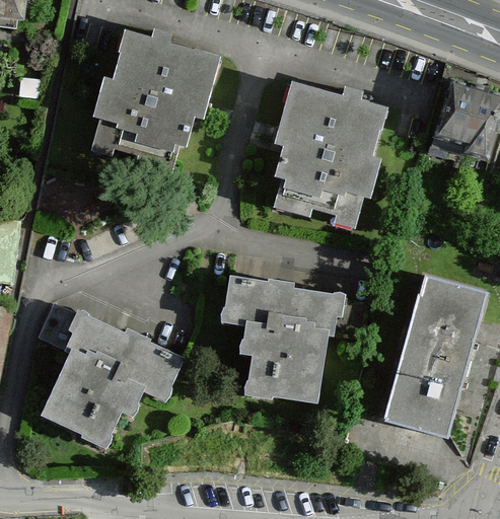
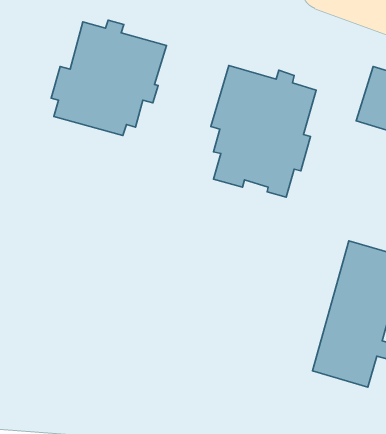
building: [221,277,365,403] -> none
building: [39,303,184,444] -> none

